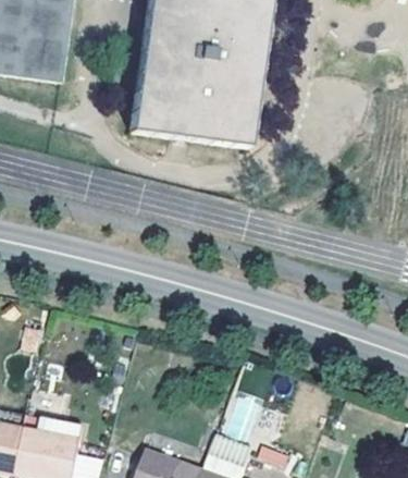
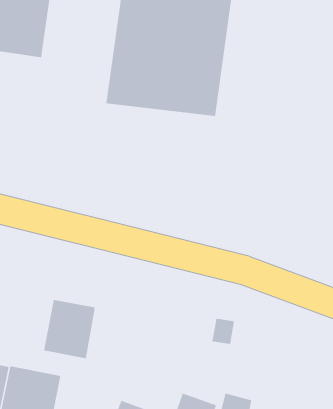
building: none -> [43,299,95,359]

